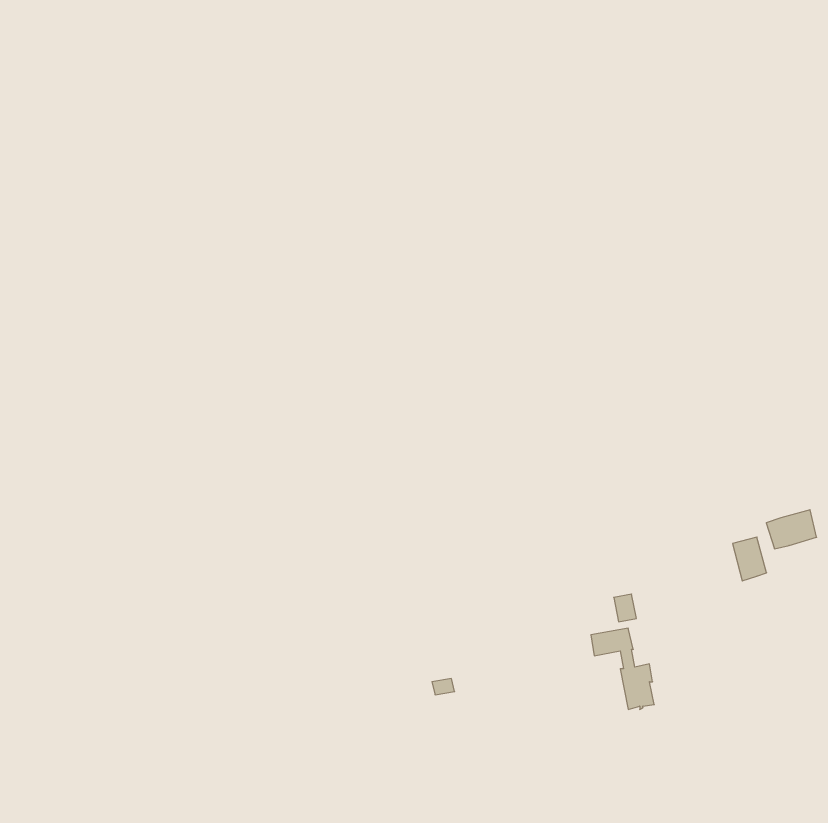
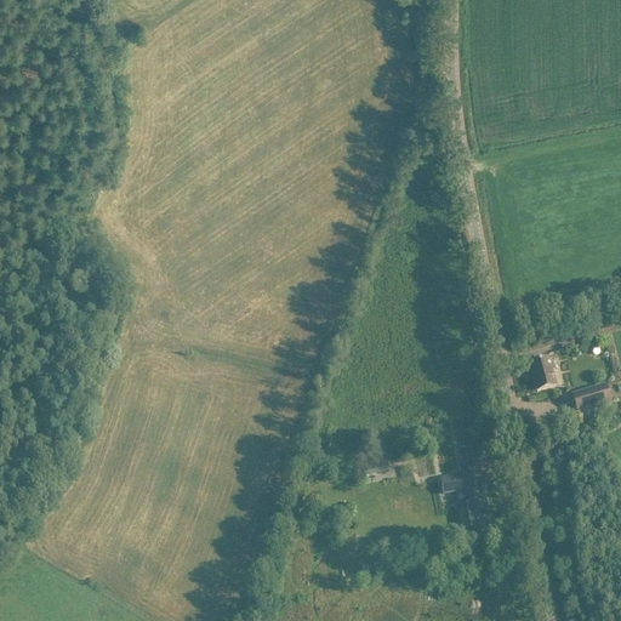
building: [733,537,767,581] -> [531,355,557,388]

